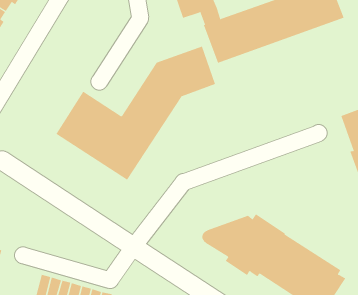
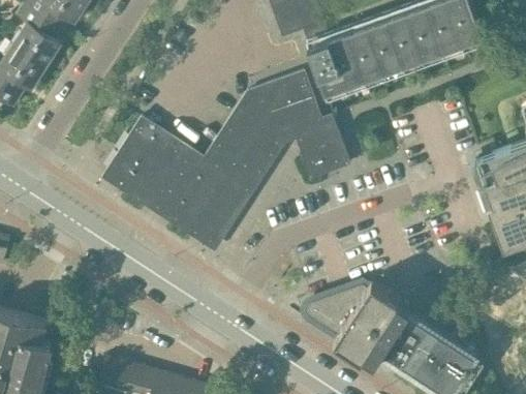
building: none -> [105,118,157,182]
building: none -> [299,132,350,180]

